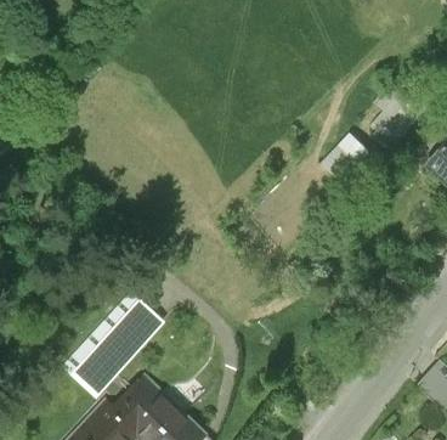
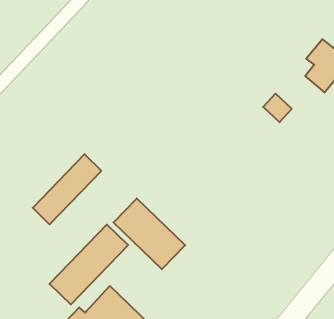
building: none -> [33,154,101,224]
building: none -> [113,198,185,269]

